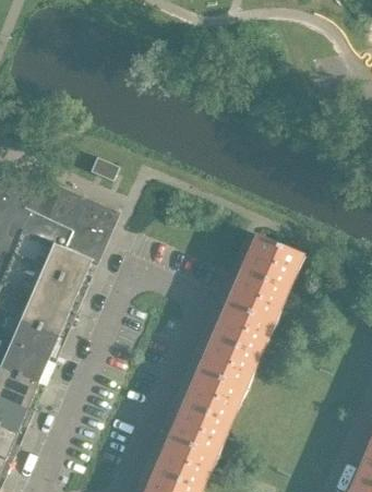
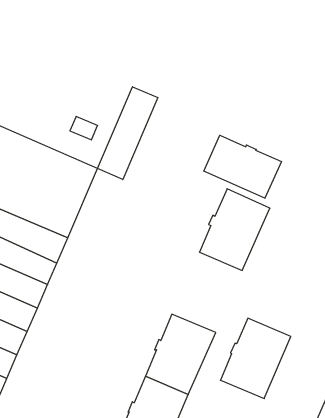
building: none -> [97,87,158,180]
building: none -> [204,135,281,198]
building: [197,302,273,388] -> [220,318,291,399]

